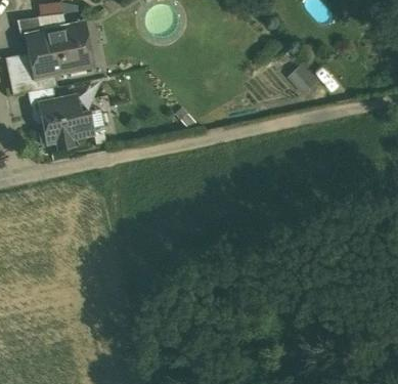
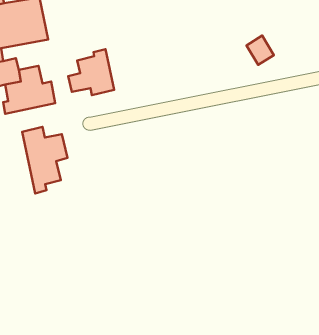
building: none -> [68,49,114,95]
building: none -> [22,127,67,193]

